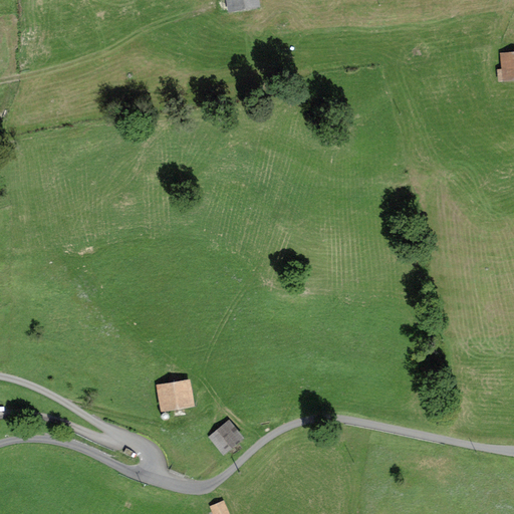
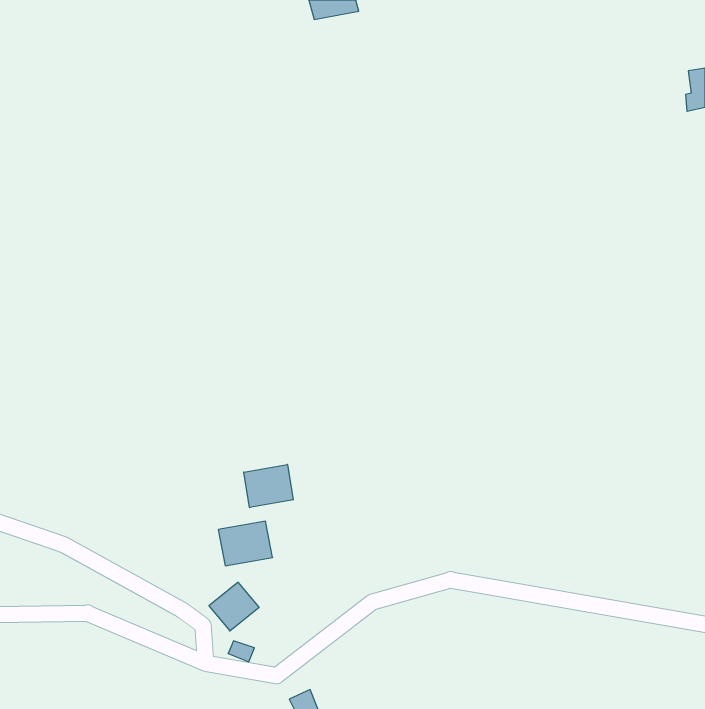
building: none -> [244,464,293,508]
building: [209,419,245,454] -> [209,582,259,631]

